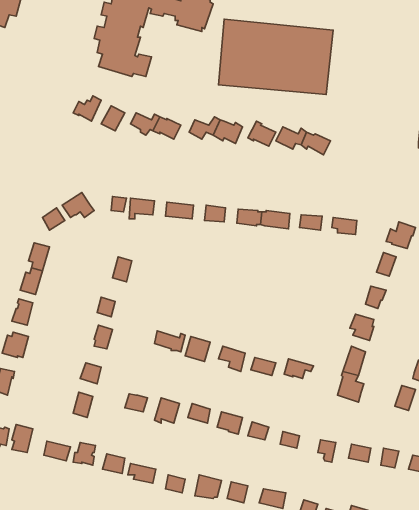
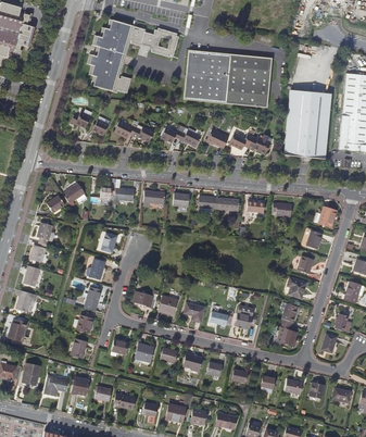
building: none -> [283,89,330,158]

